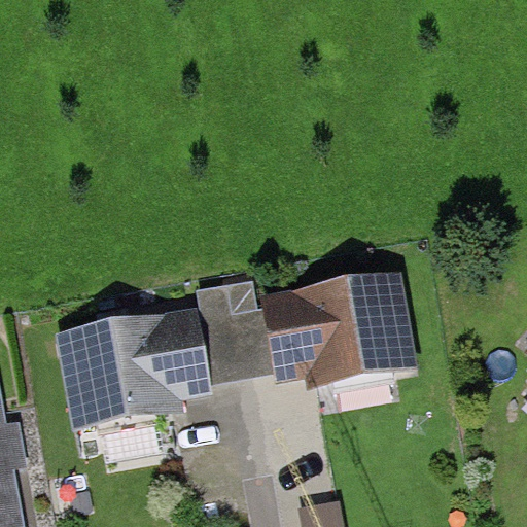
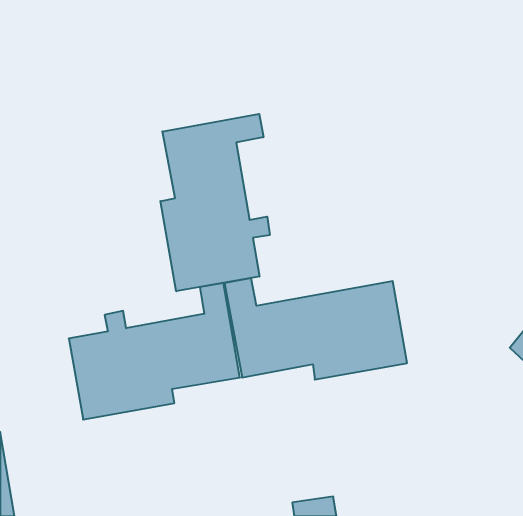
building: none -> [160,114,270,291]

